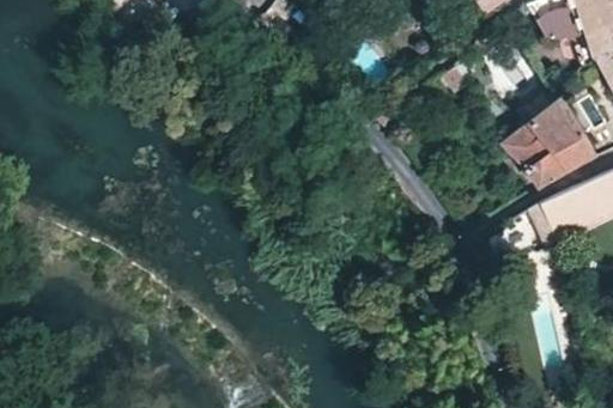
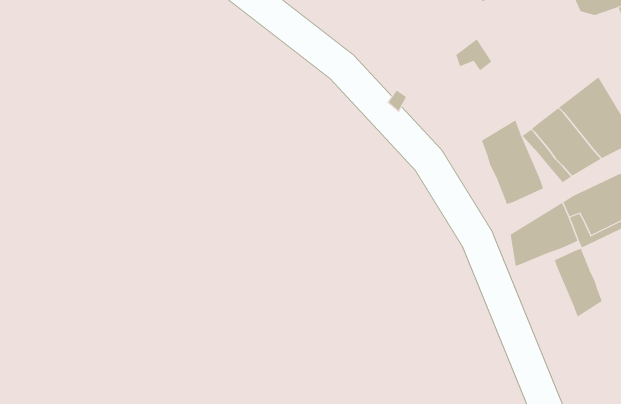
building: none -> [481,120,544,205]
building: none -> [554,248,602,317]

